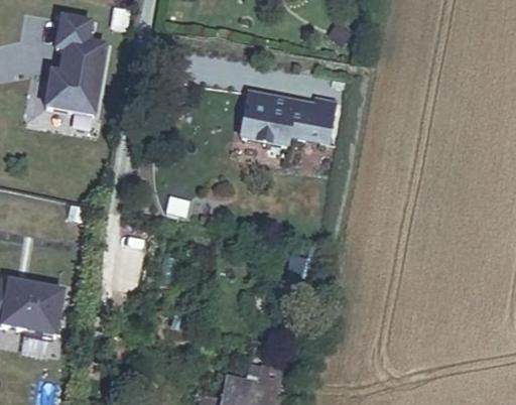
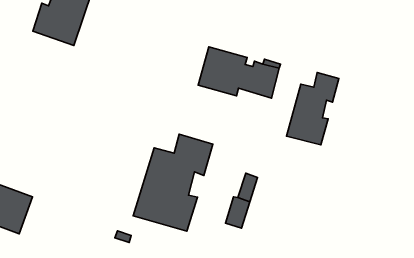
building: none -> [286,73,339,145]
building: none -> [133,134,213,231]

